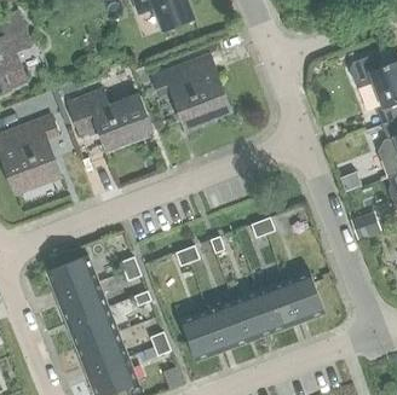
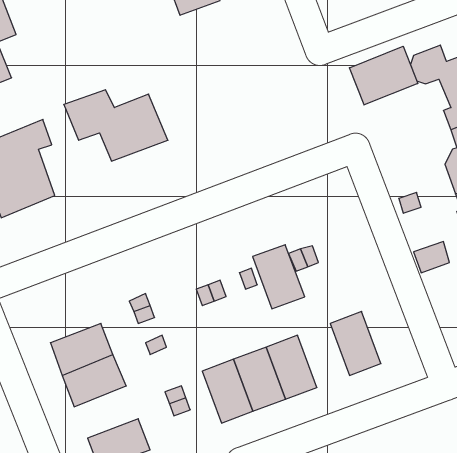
building: [151,53,229,128] -> none
building: none -> [349,46,418,105]
building: [45,255,97,296] -> none
building: [257,280,299,332] -> [253,245,305,309]
building: [75,331,127,373] -> none

